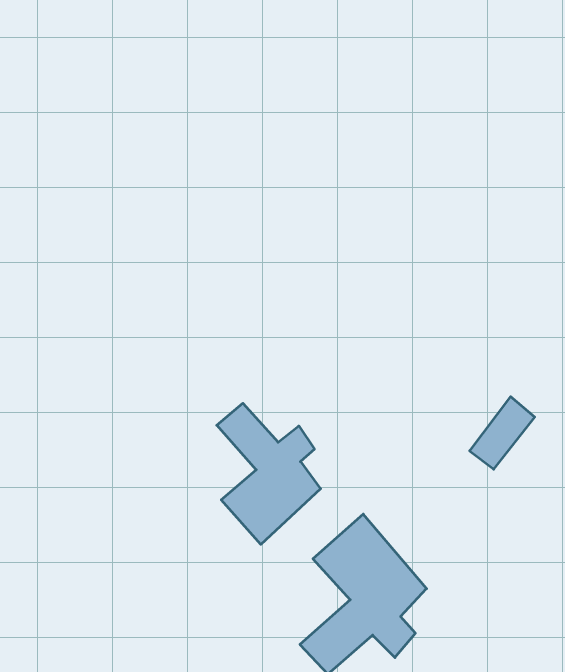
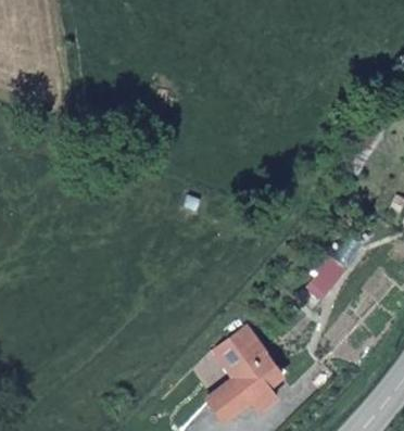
building: [217,403,321,544] -> none

